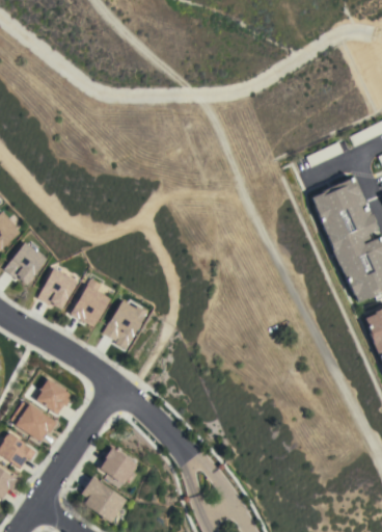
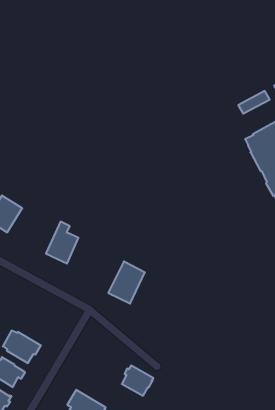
building: [37,268,77,310] -> none
building: [102,298,146,348] -> [108,261,145,304]
building: [35,378,72,414] -> none
building: [101,447,138,483] -> [122,366,153,396]

